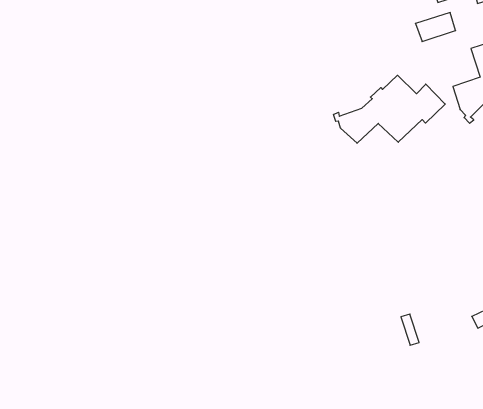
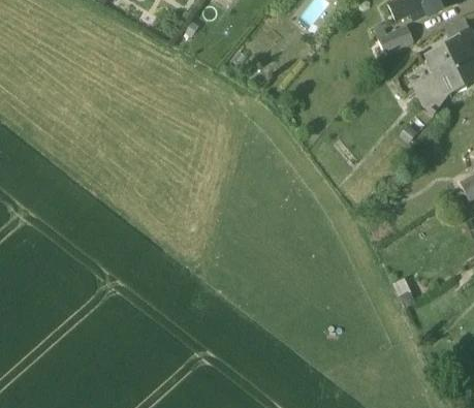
building: [334,75,445,143] -> none

